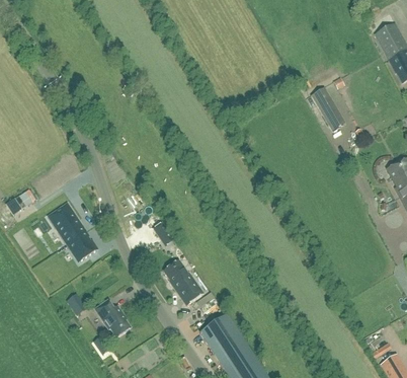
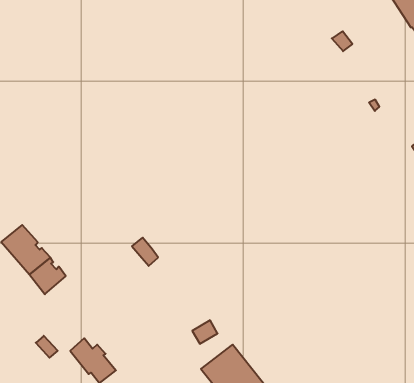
building: [311,86,345,130] -> none
building: [164,258,204,304] -> none

